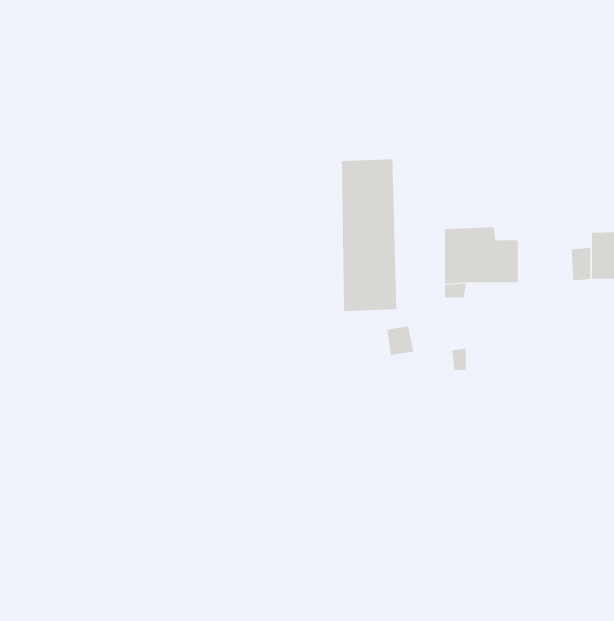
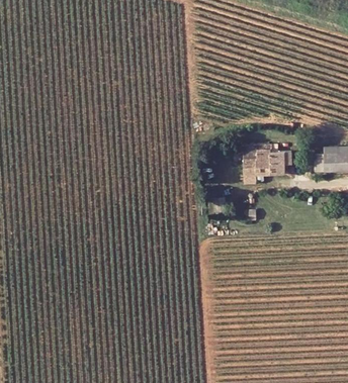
building: [342,159,397,312] -> none

